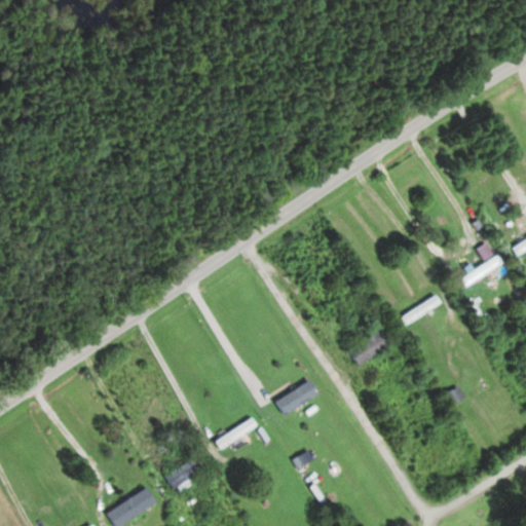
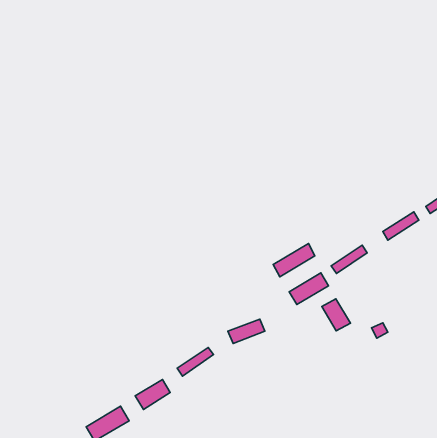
building: none -> [273,244,315,277]
building: none -> [322,299,350,331]

